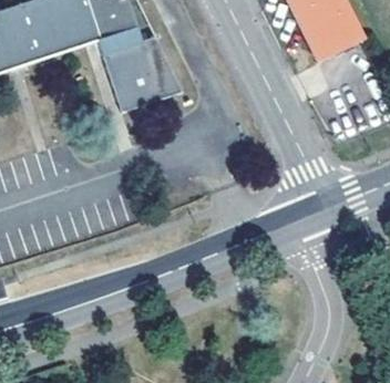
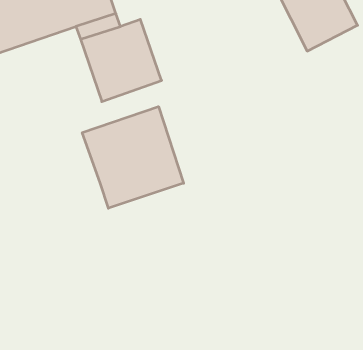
building: none -> [82,107,184,208]

